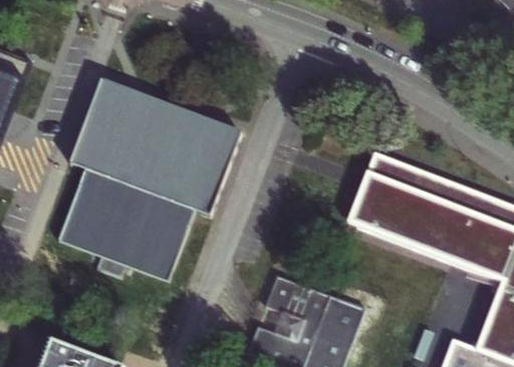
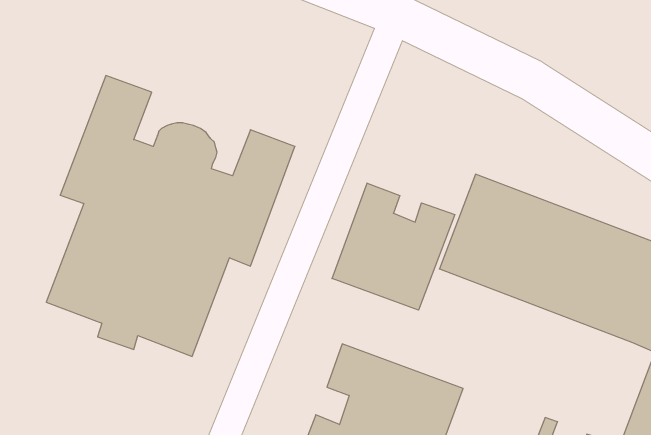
building: [126,92,211,152] -> none
building: none -> [332,183,455,310]

